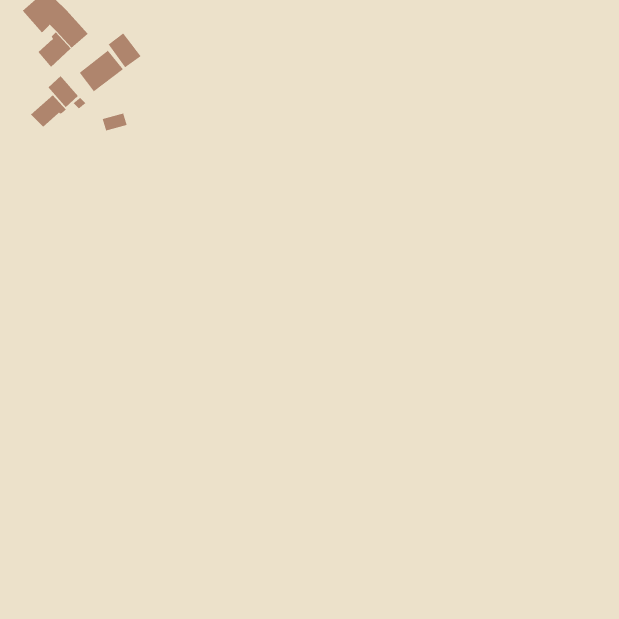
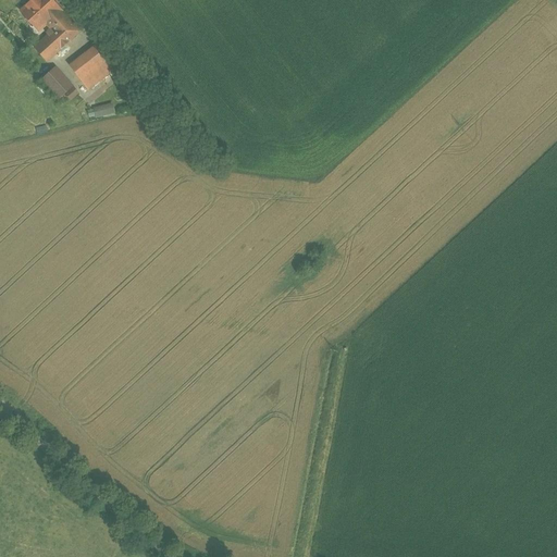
building: [108,32,142,68] -> none
building: [30,94,67,128] -> none

